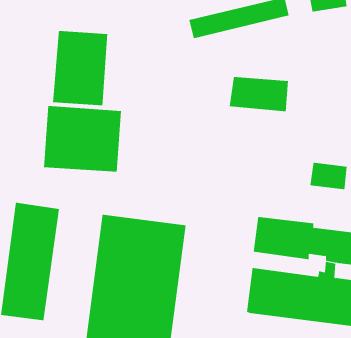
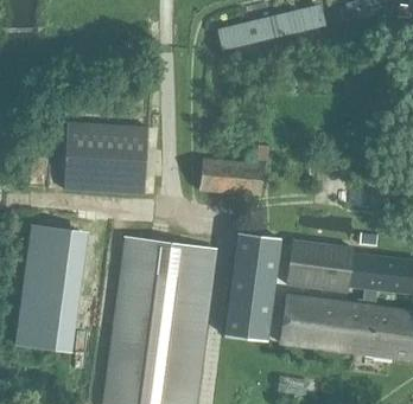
building: [53,30,108,106] -> none
building: [229,76,289,112] -> [199,159,263,197]
building: none -> [225,233,280,339]

